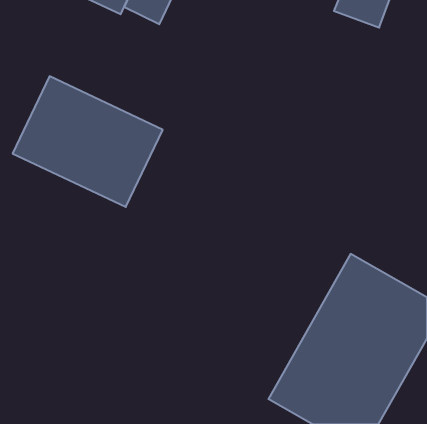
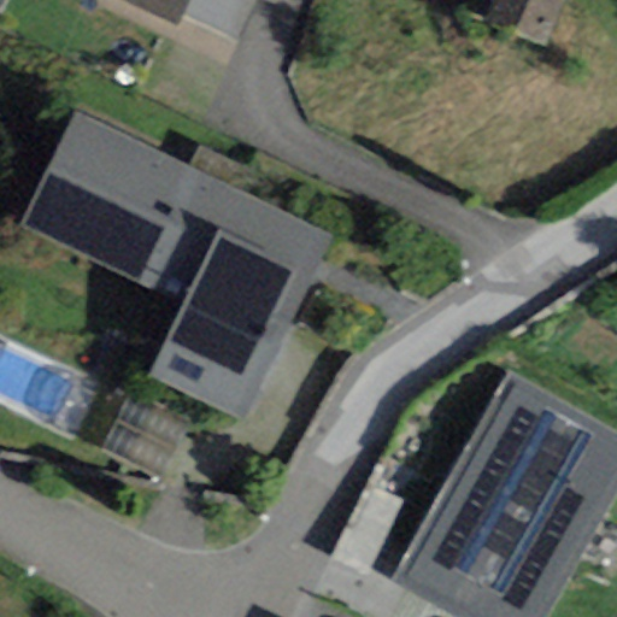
building: none -> [146,187,327,417]

